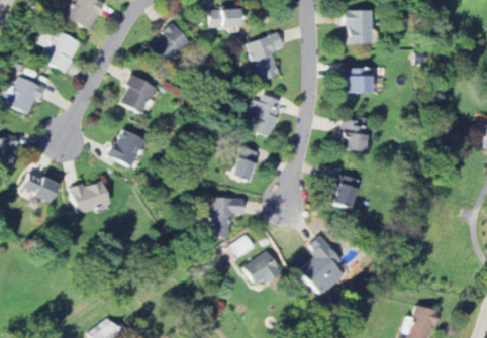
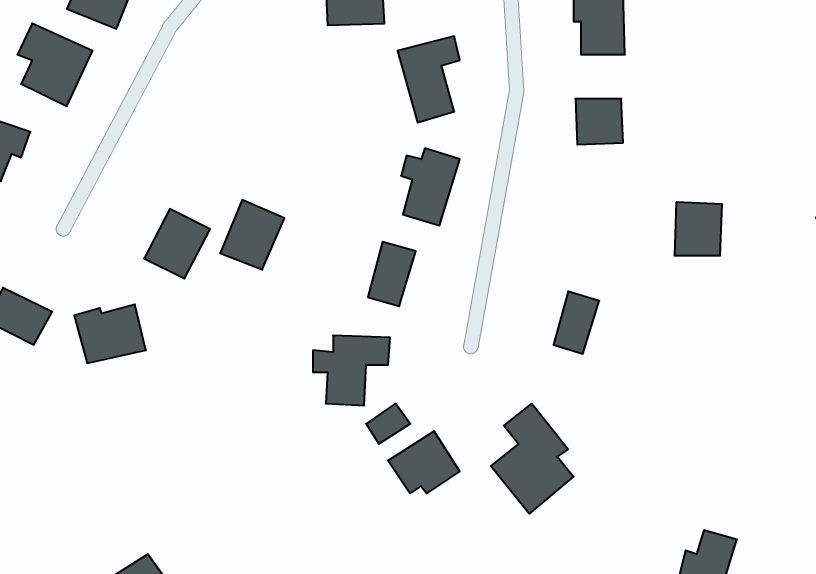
building: [149,23,190,64] -> none
building: [120,75,156,113] -> [220,200,284,270]
building: [340,120,367,149] -> [674,202,722,256]

